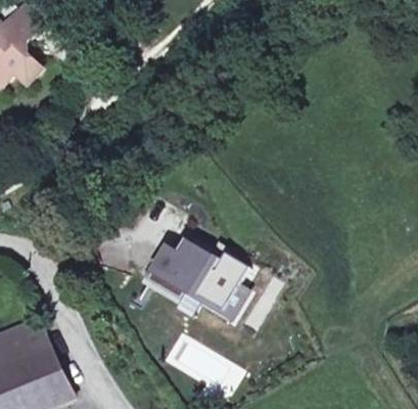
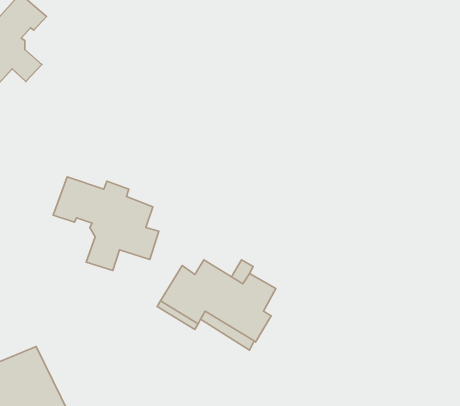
building: none -> [53,177,159,271]

